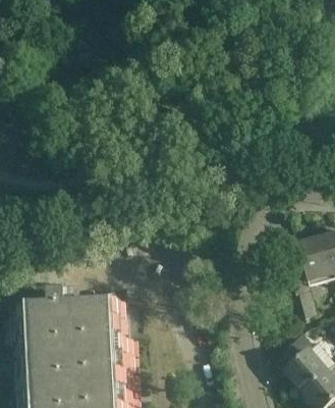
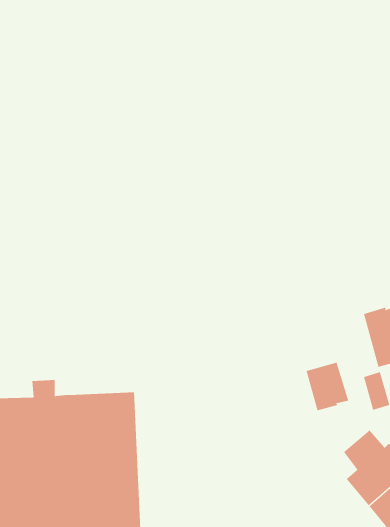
building: none -> [306,362,349,411]

